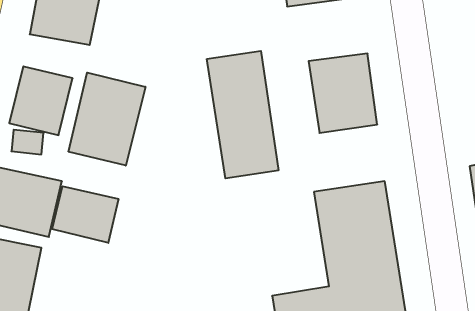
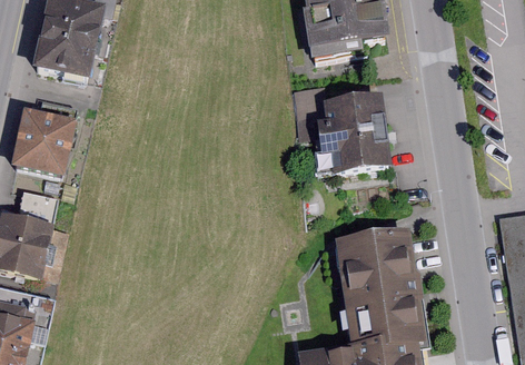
building: [207,51,278,178] -> none
building: [69,73,145,166] -> none
building: [52,186,118,243] -> none

